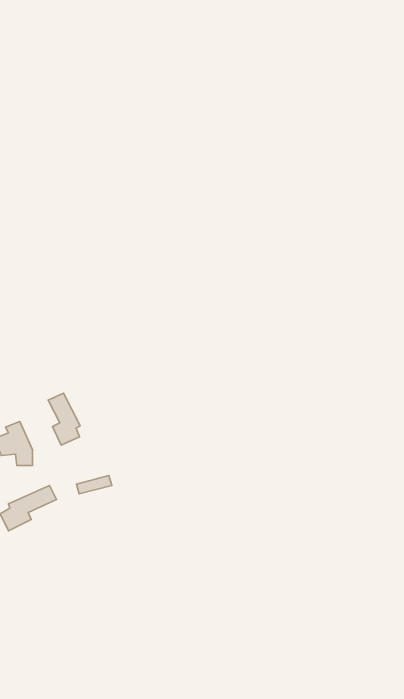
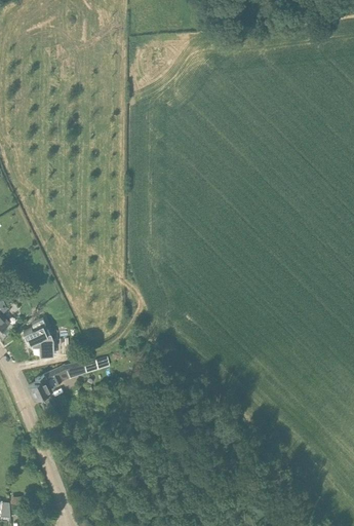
building: [48,393,80,445] -> none

